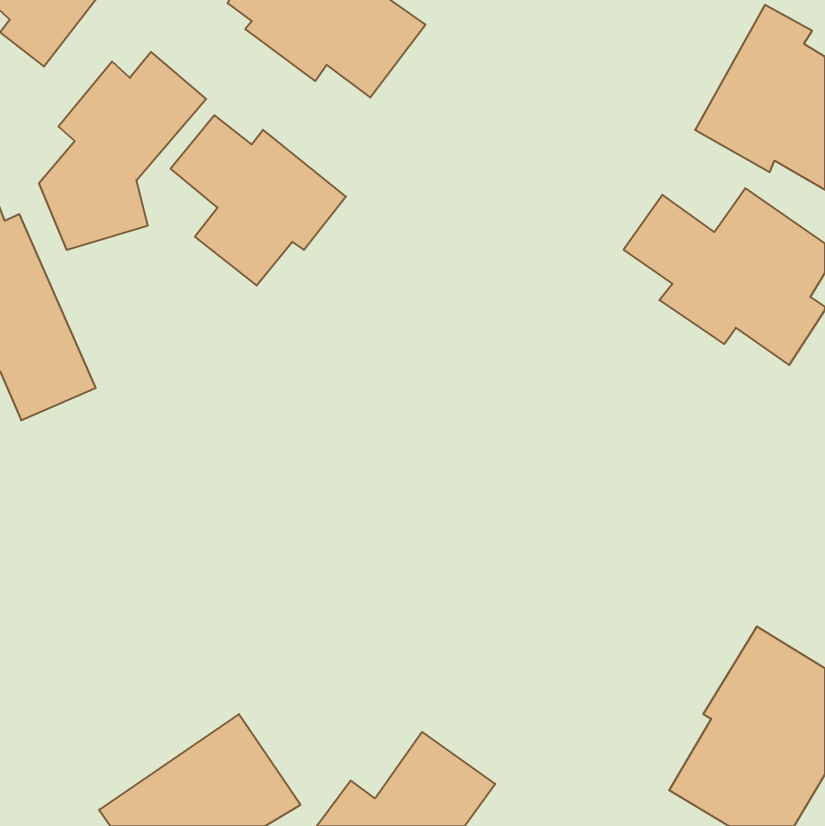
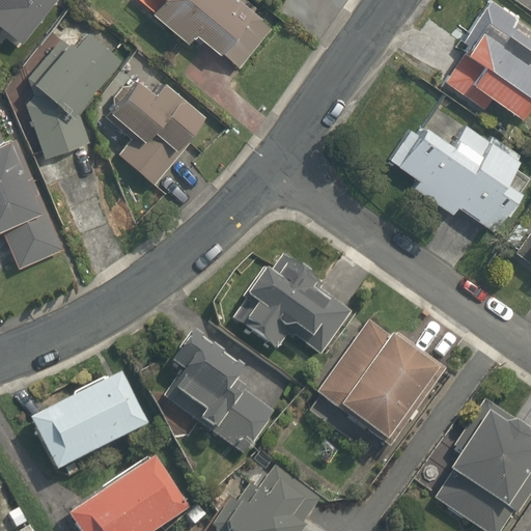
building: none -> [229,255,350,356]
building: none -> [309,323,438,449]
building: none -> [158,335,281,458]
building: none -> [25,369,150,478]

